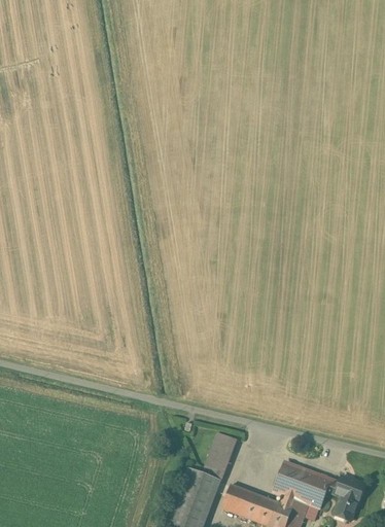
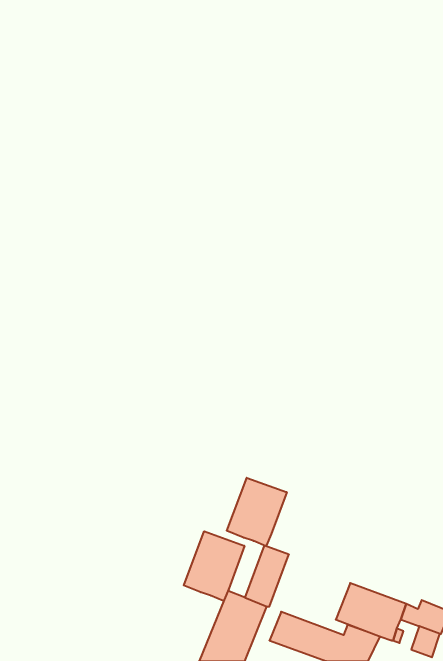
building: none -> [227,478,287,546]
building: none -> [184,531,244,601]

